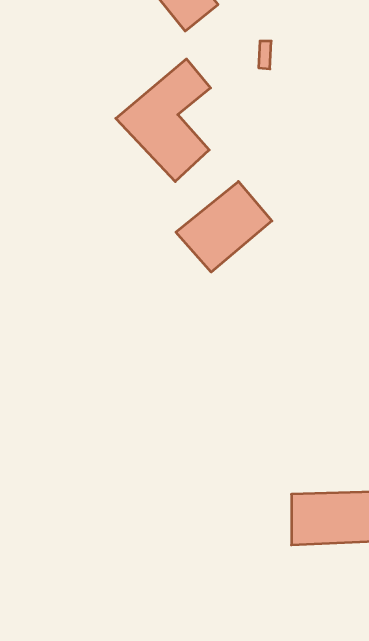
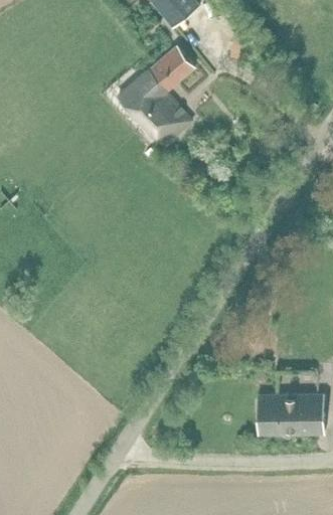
building: [176,181,272,272] -> none

